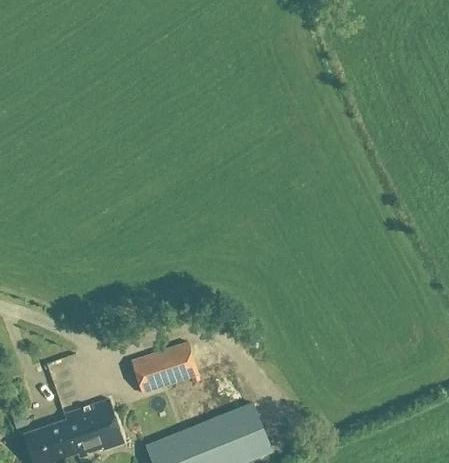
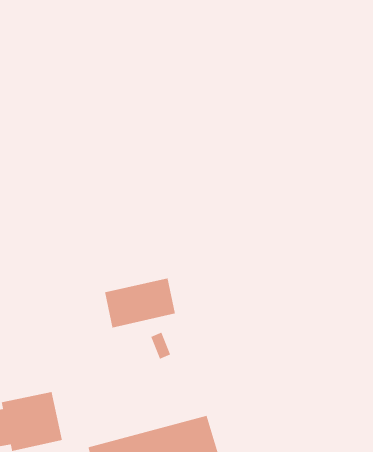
building: [131,341,198,393] -> [104,277,176,328]

